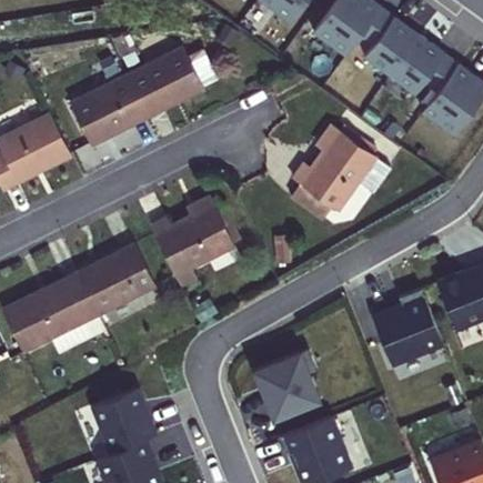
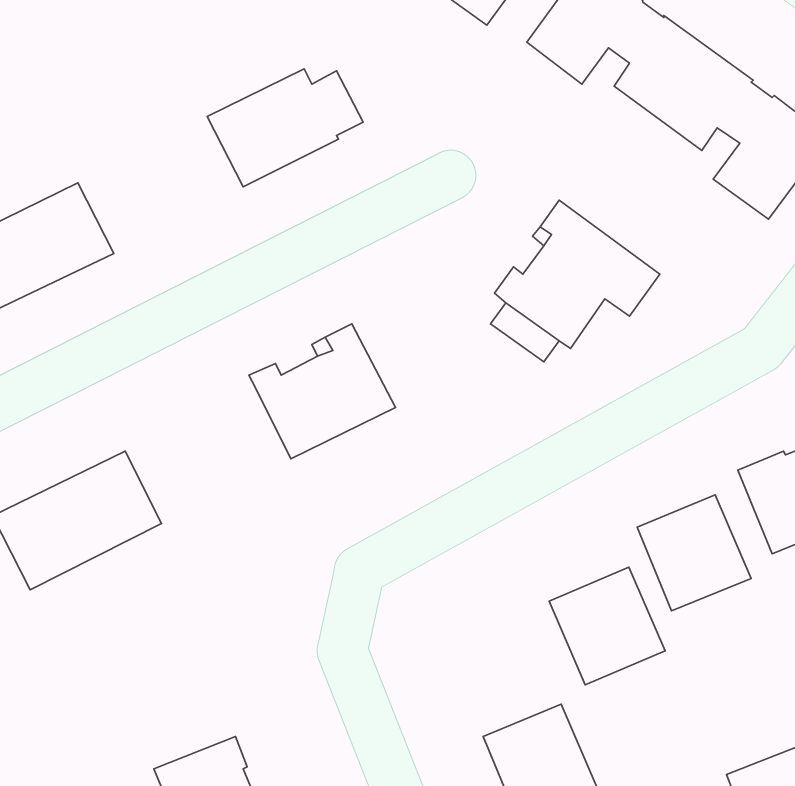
building: [69,76,148,144] -> none
building: [79,243,155,313] -> none
building: [254,356,322,425] -> [549,567,665,685]
building: [89,382,155,450] -> none

